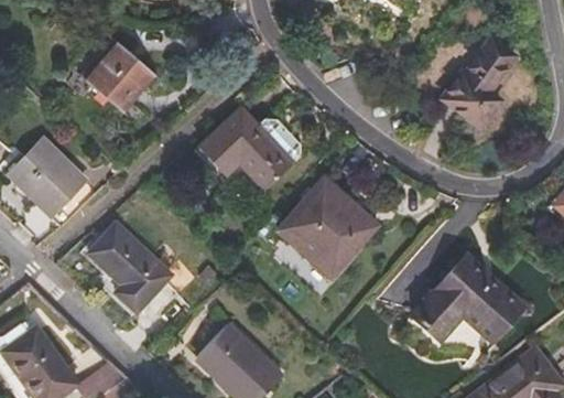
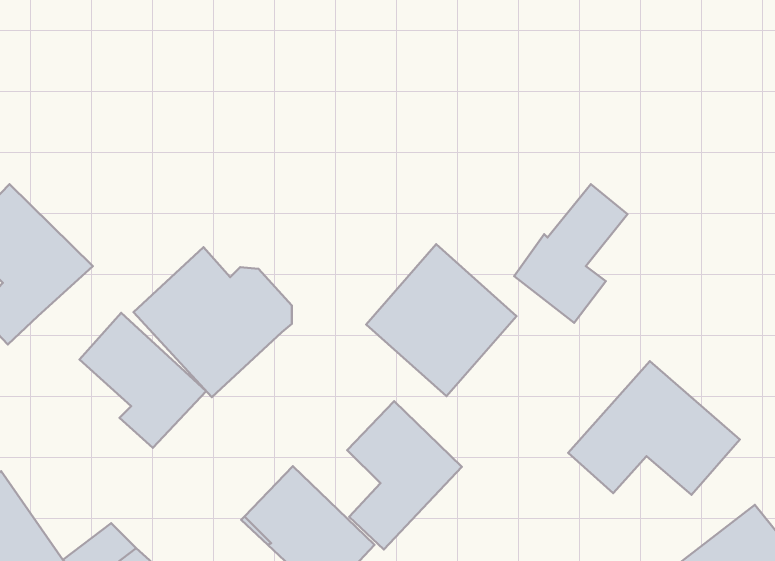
building: [442,36,517,128] -> [514,184,628,323]
building: [74,39,155,110] -> none
building: [194,106,299,205] -> [133,247,292,397]
building: none -> [347,401,462,549]

